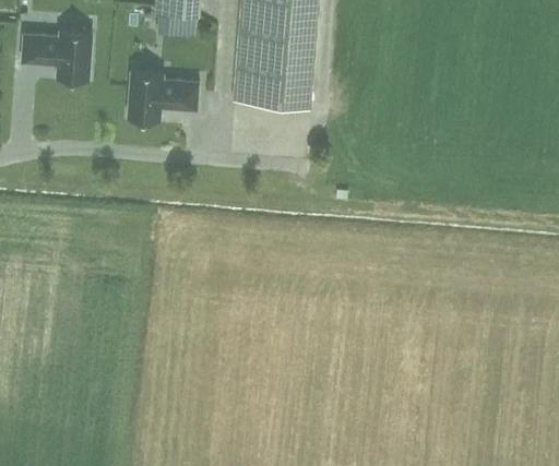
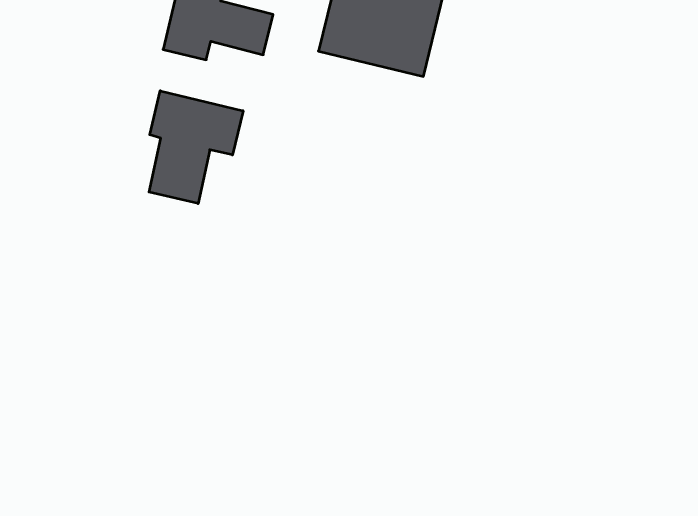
building: none -> [149,91,243,204]

